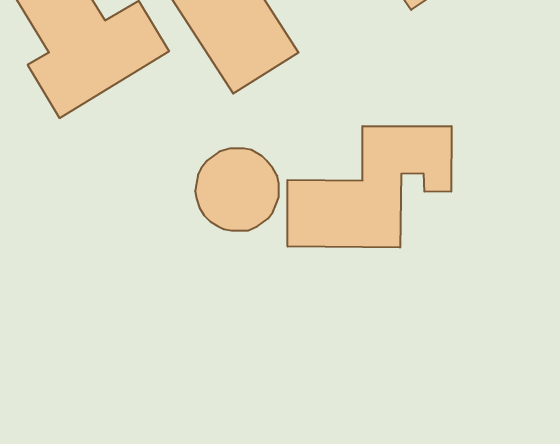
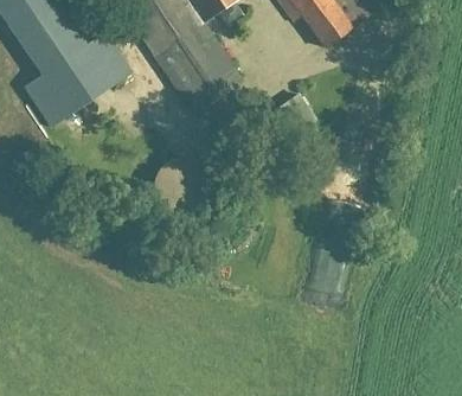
building: [287,126,452,248] -> none

